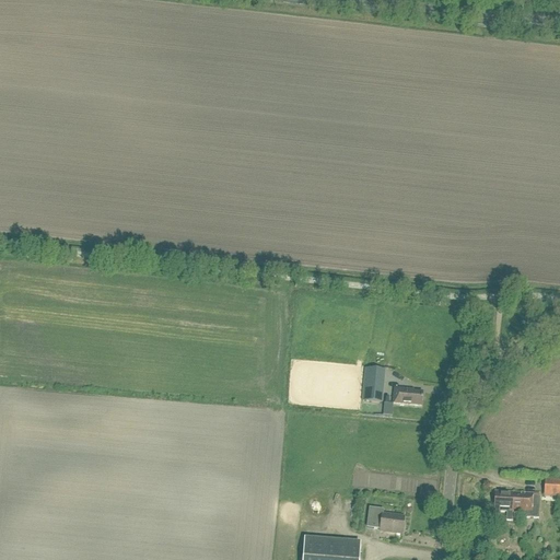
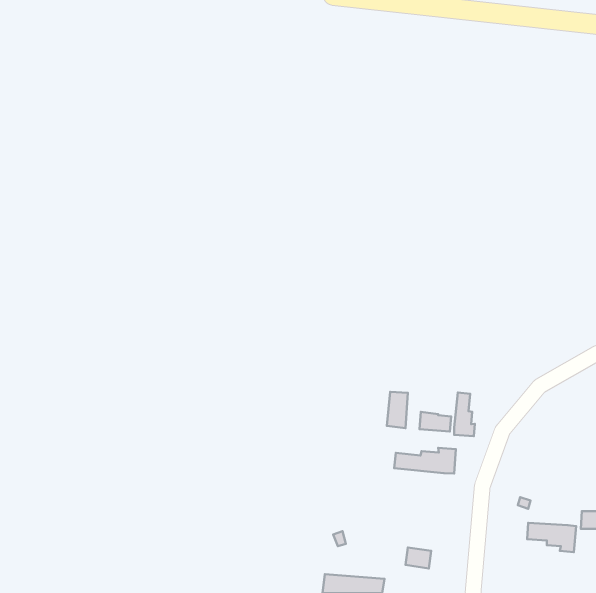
building: none -> [454,393,475,436]
building: none -> [394,448,456,473]

